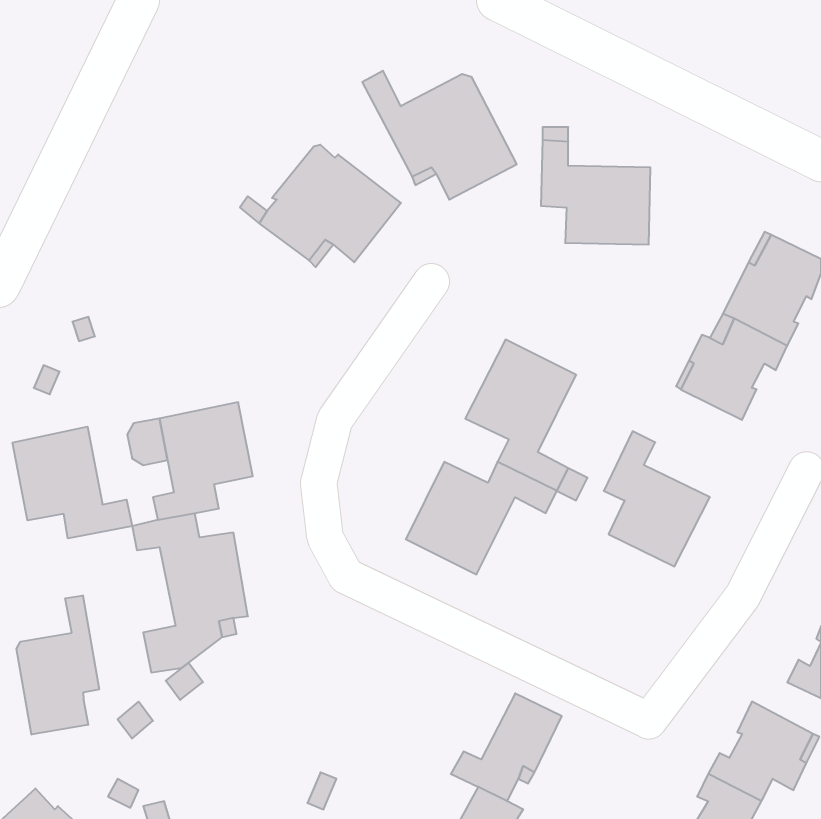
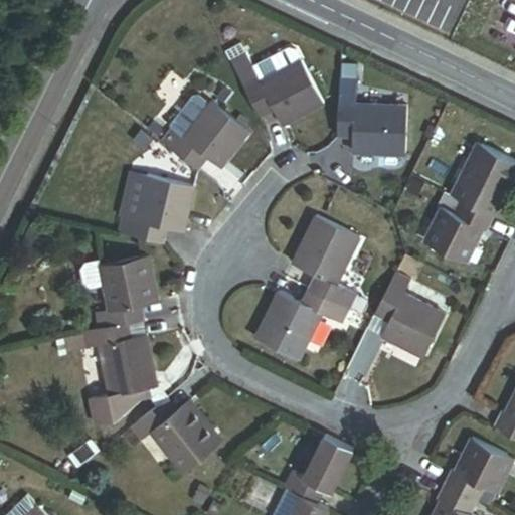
building: none -> [119,170,194,241]
building: [13,427,132,538] -> none
building: [16,595,99,735] -> none
building: none -> [130,400,222,473]

